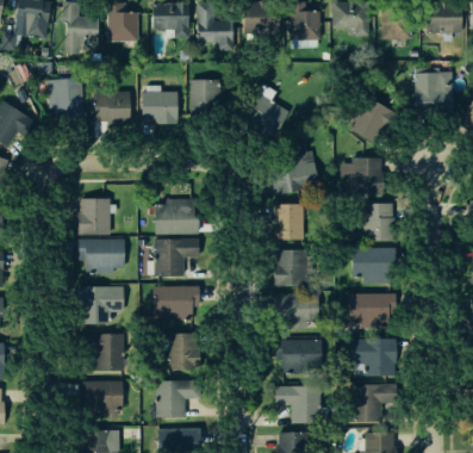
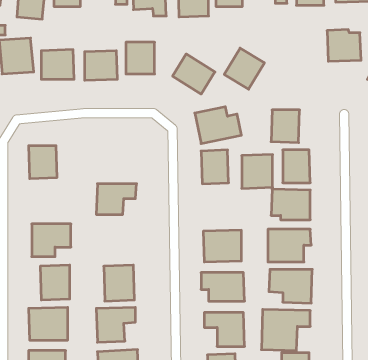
building: [348,98,393,144] -> [224,48,264,89]
building: [156,199,198,235] -> none
building: [77,238,125,274] -> none
building: [274,249,309,287] -> [242,155,273,188]
building: [154,287,199,323] -> none

